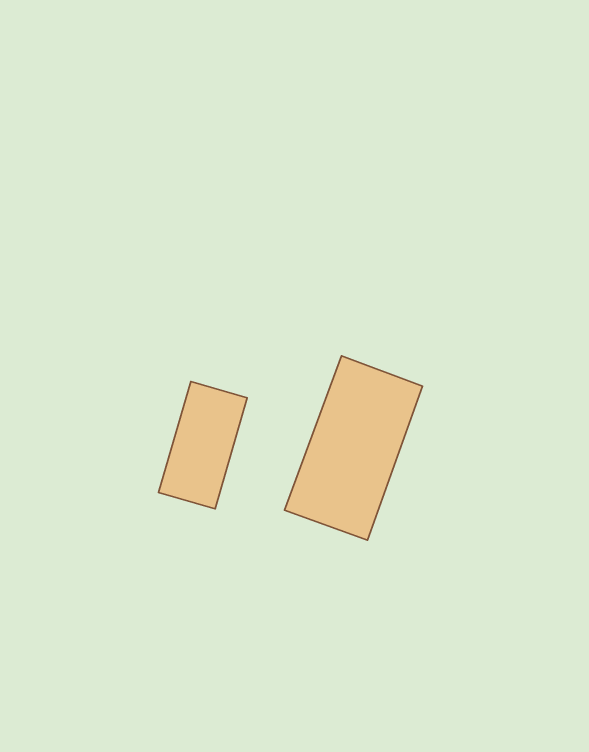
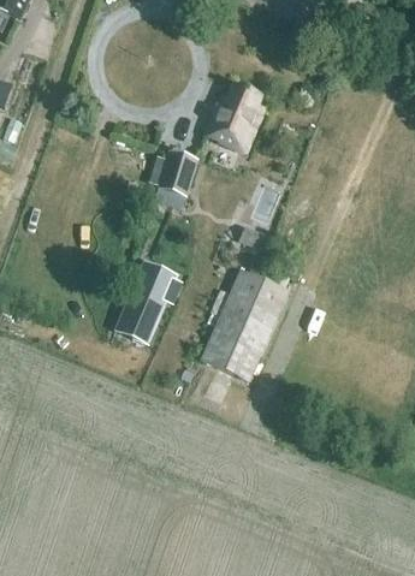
building: none -> [207,83,263,149]
building: none -> [159,149,197,194]

